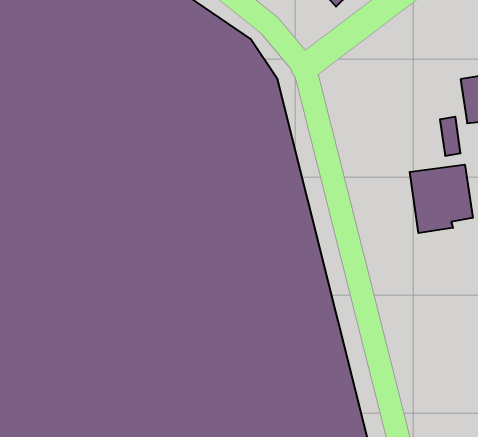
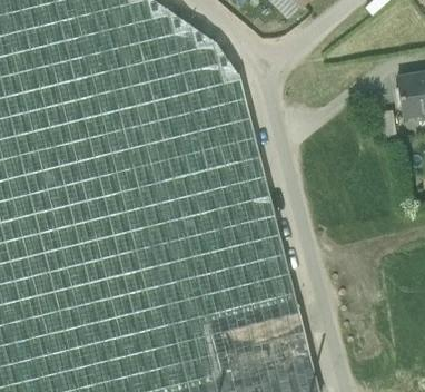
building: [410,165,473,233] -> none

